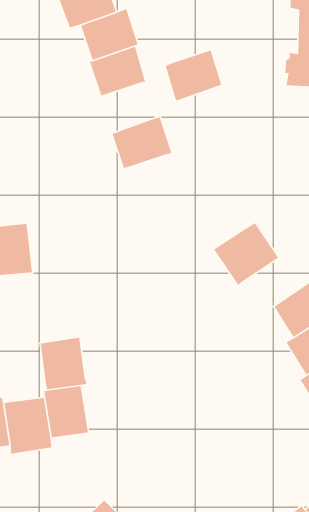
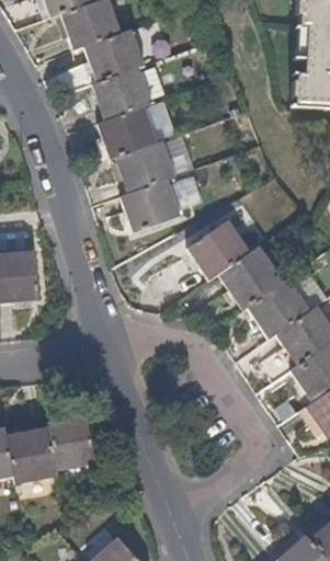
building: [165,50,222,101] -> [100,105,158,158]
building: none -> [123,179,181,231]
building: none -> [185,222,249,283]
building: none -> [249,279,310,339]
building: [40,337,88,390] -> none

